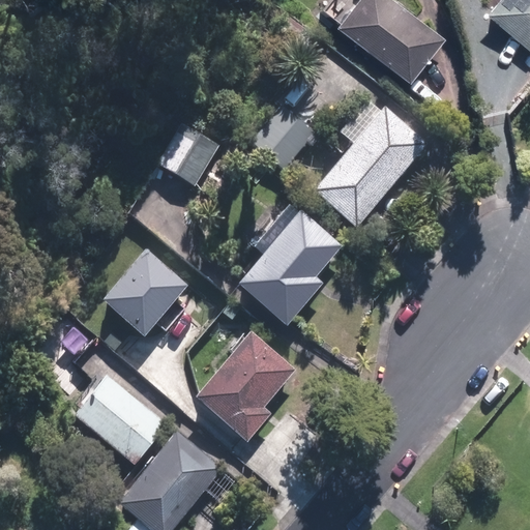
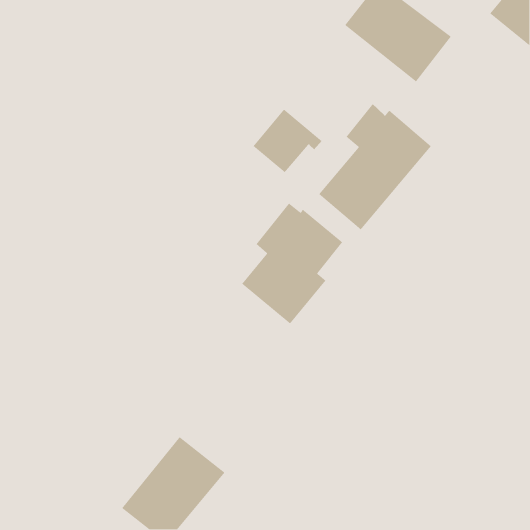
building: [157,124,217,185] -> none
building: [100,246,184,333] -> none
building: [196,331,297,442] -> none
building: [76,377,167,466] -> none

